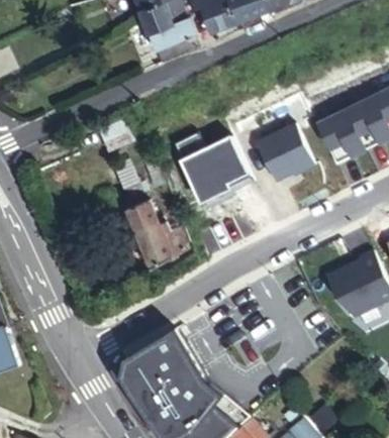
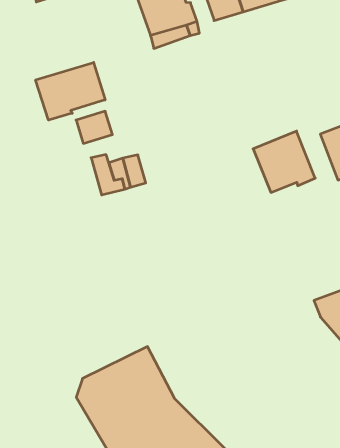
building: none -> [36,62,105,120]
building: [177,131,254,207] -> none
building: [123,202,191,268] -> none

